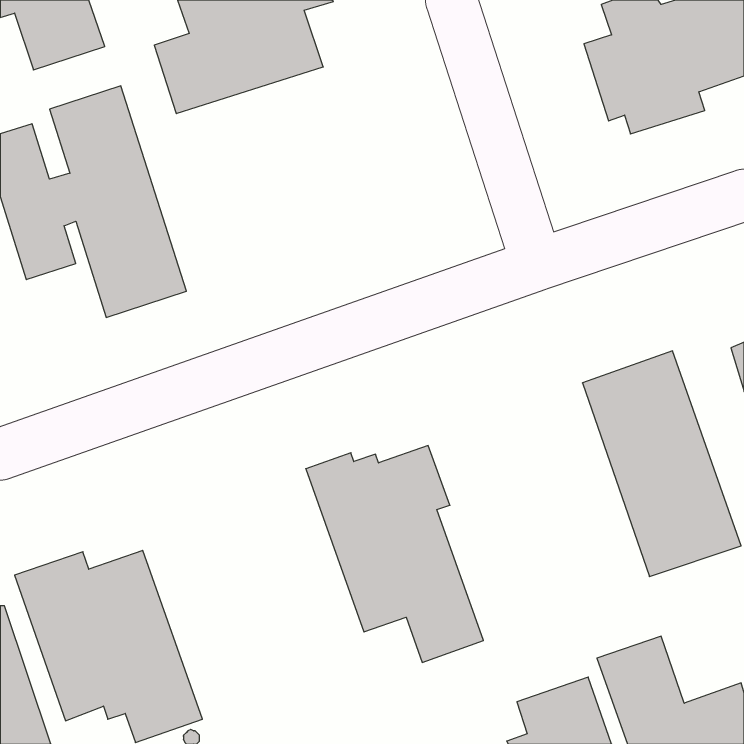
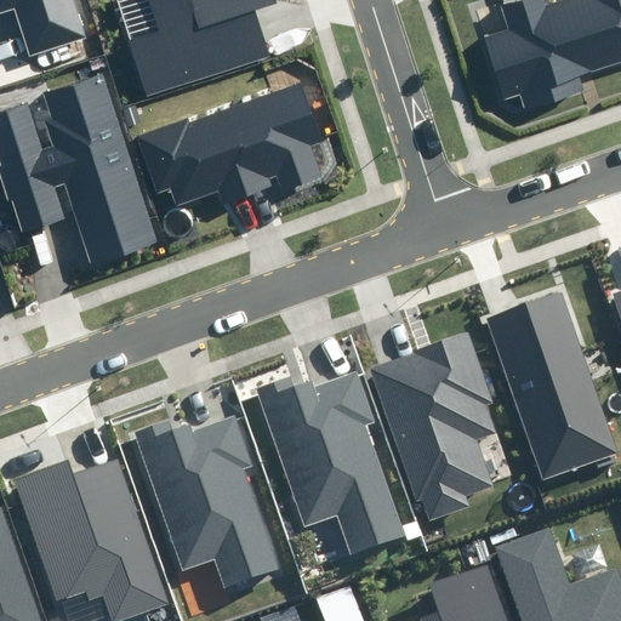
building: none -> [135,81,321,209]
building: none -> [371,332,502,520]
building: none -> [137,416,279,585]

